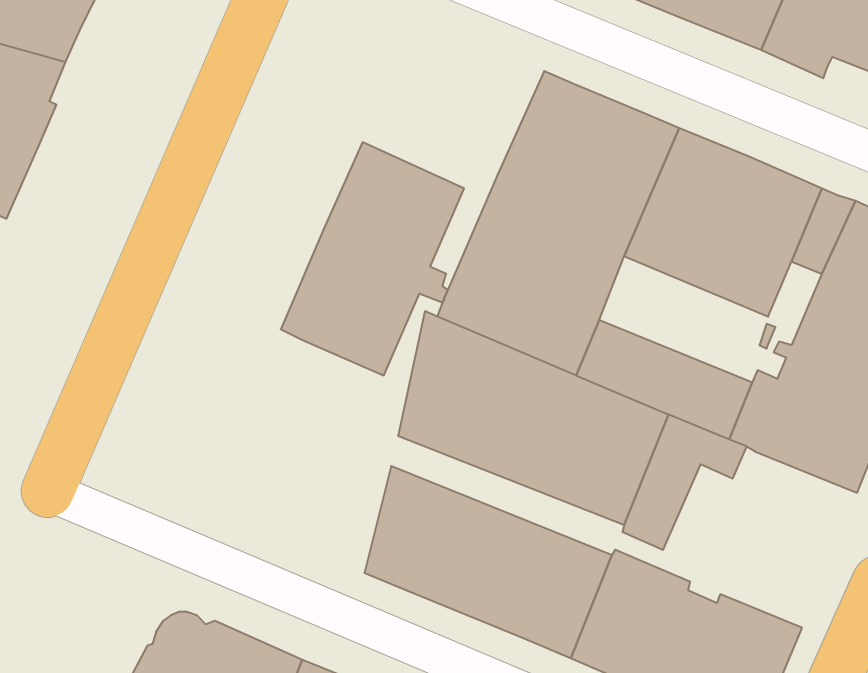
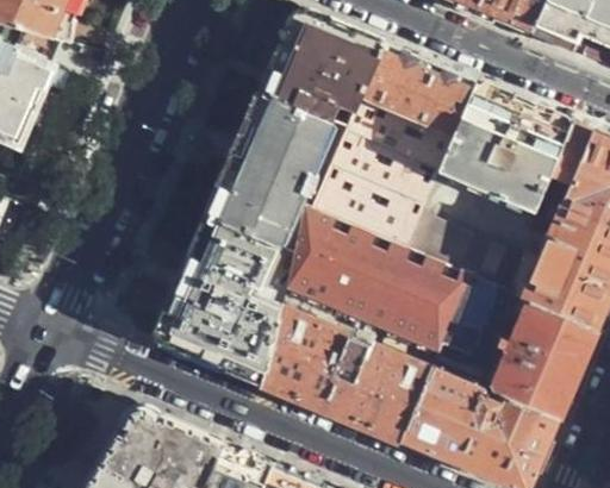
building: none -> [263,21,385,127]
building: none -> [156,221,282,384]
building: none -> [491,304,595,421]

